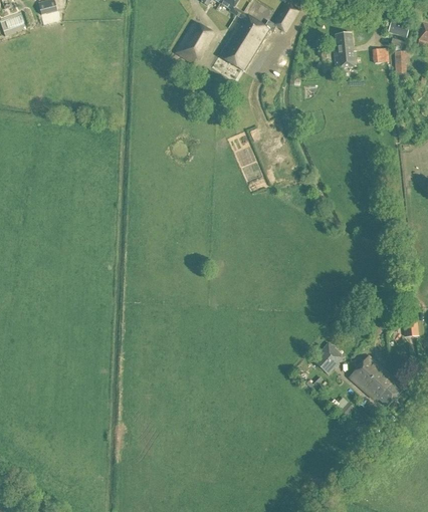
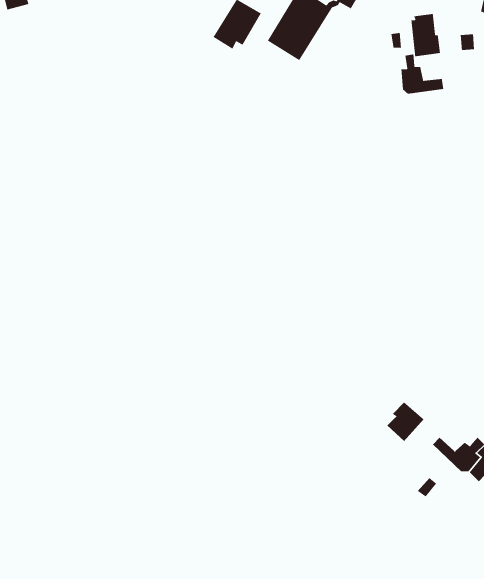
building: none -> [401,54,444,94]
building: [356,355,386,381] -> none

